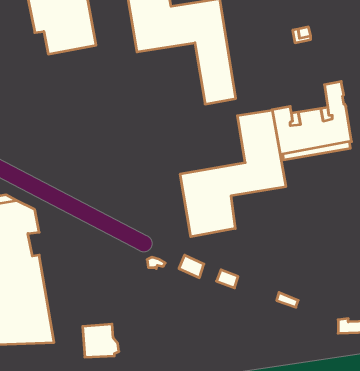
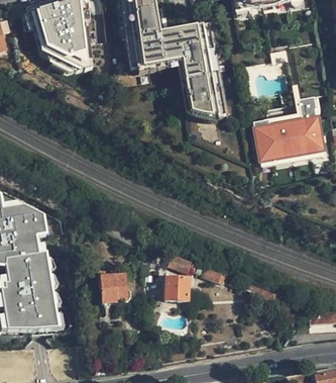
building: [180,110,286,237] -> none
building: none -> [165,275,193,299]
building: [83,324,119,357] -> [101,273,133,302]

